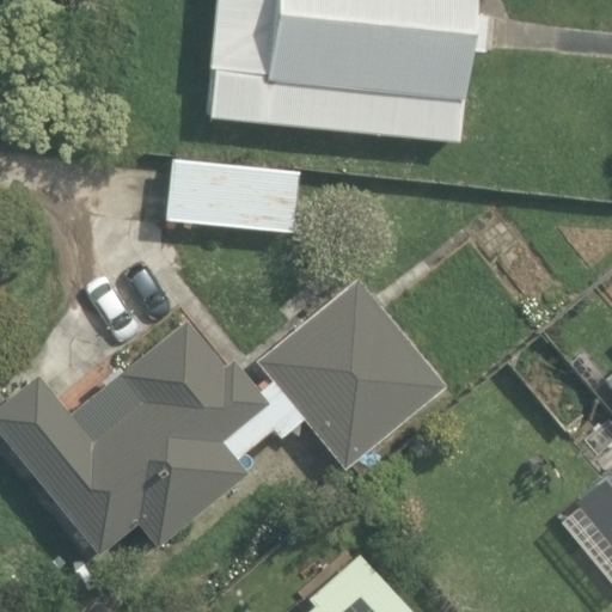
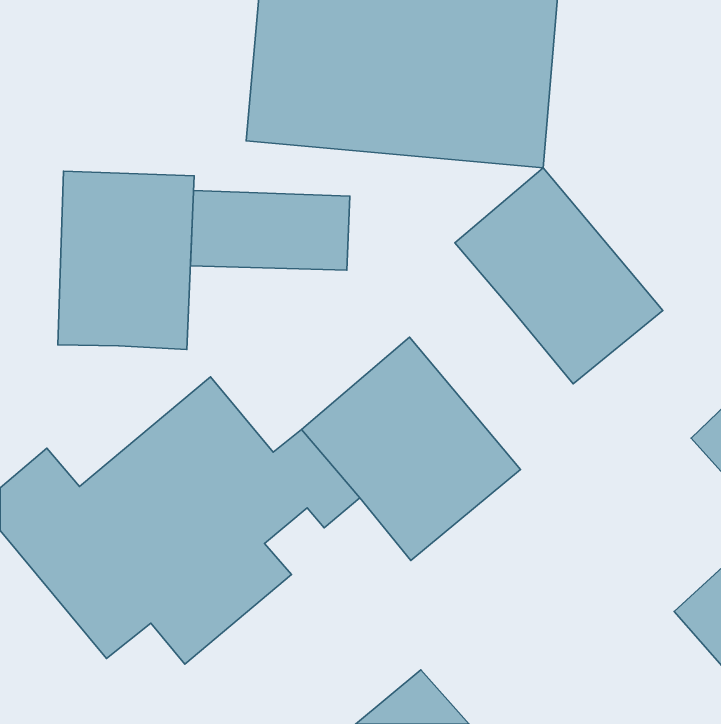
building: none -> [455,168,663,384]
building: none -> [58,171,194,349]

